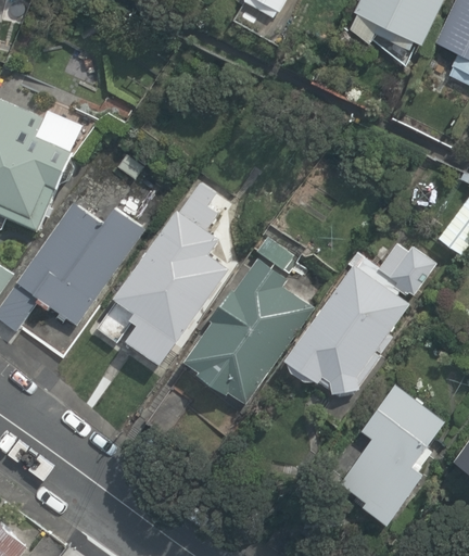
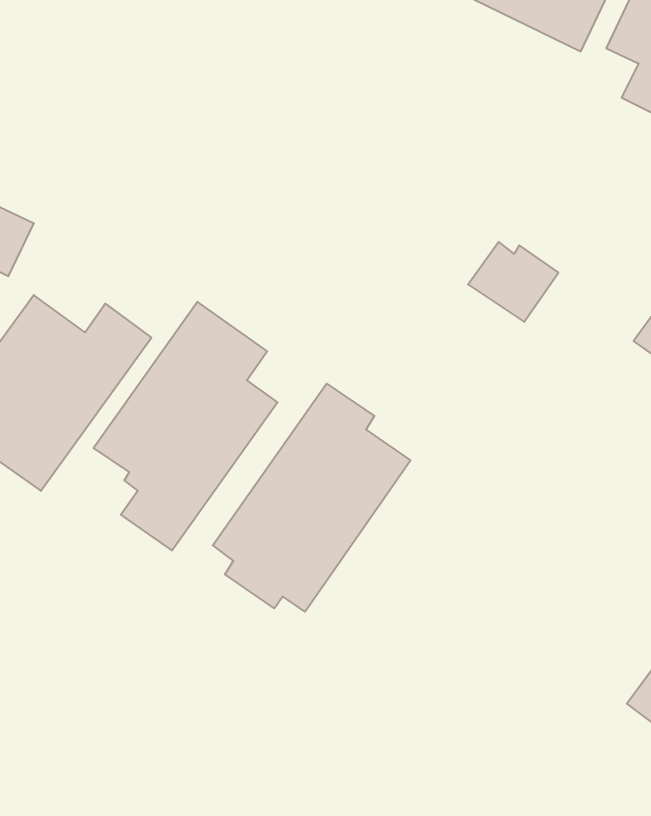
building: [379,244,436,295] -> [468,242,558,322]
building: [283,265,408,395] -> none
building: [342,384,446,526] -> none

